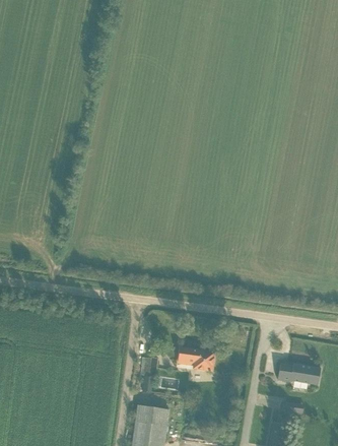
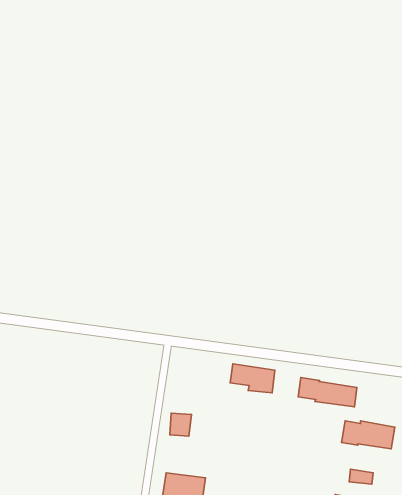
building: none -> [298,378,357,407]
building: [179,348,214,372] -> [230,364,275,393]

